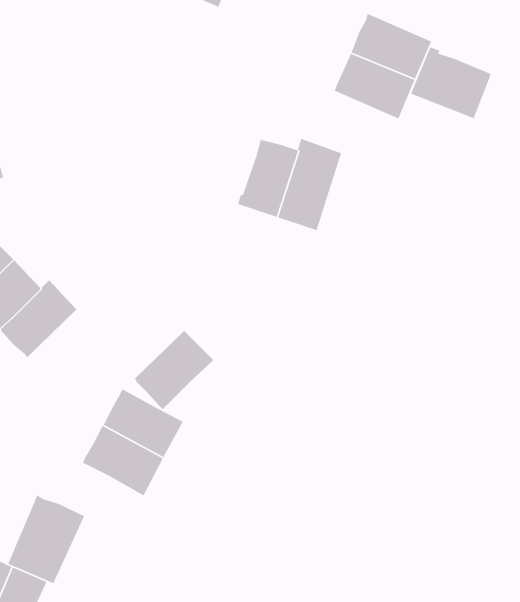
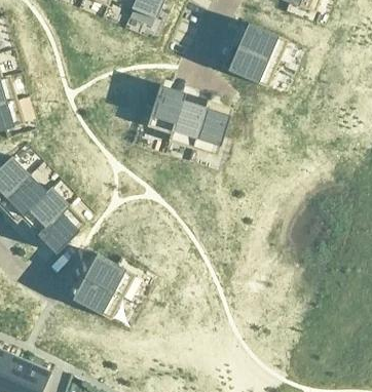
building: [410,46,491,119] -> none
building: none -> [142,83,181,132]
building: [134,330,214,410] -> [34,203,83,252]
building: [7,494,85,584] -> none

